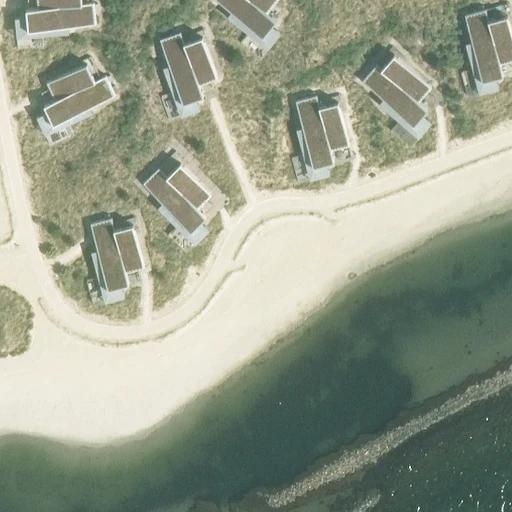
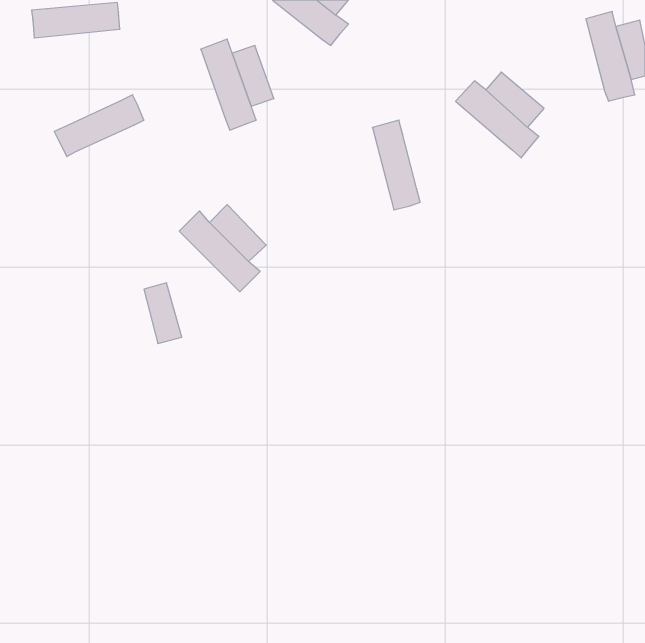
building: [46,65,95,101] -> none
building: [319,103,349,151] -> none
building: [90,219,128,290] -> none

